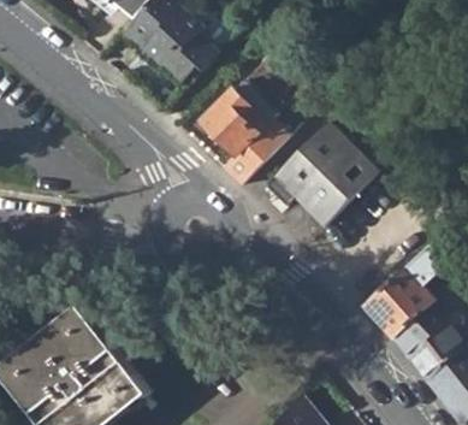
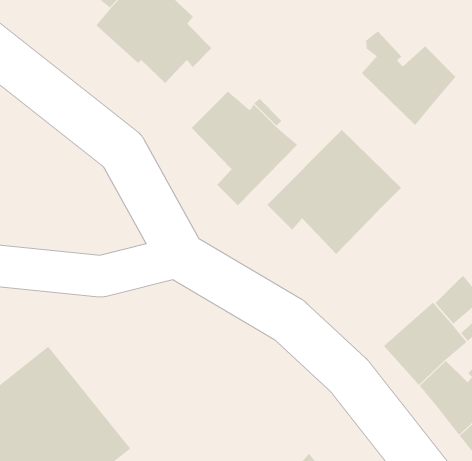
building: none -> [361,30,456,126]

